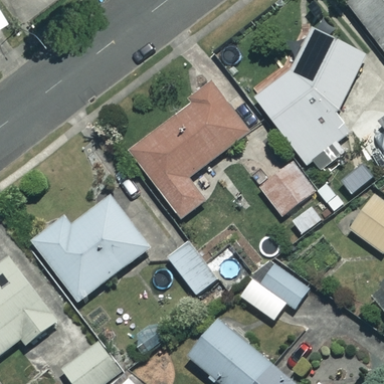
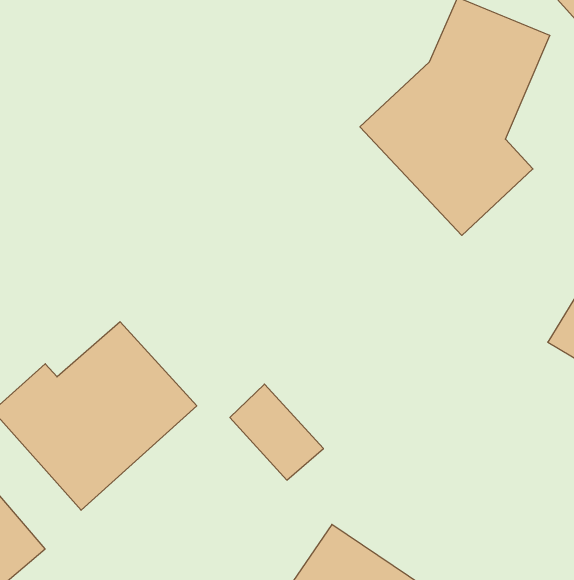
building: [129,79,250,218] -> none
building: [258,162,313,215] -> none
building: [239,261,309,320] -> none

